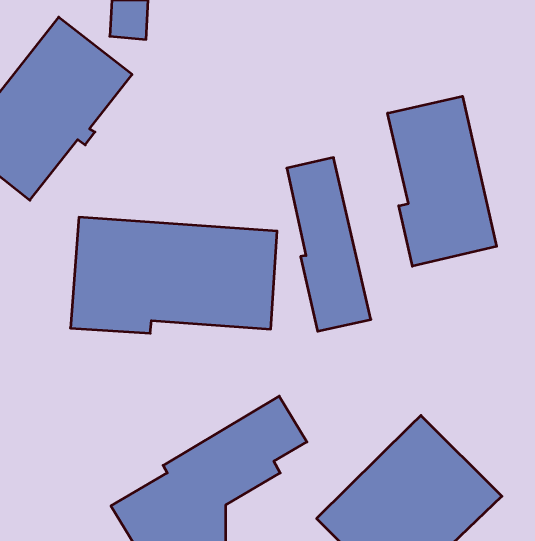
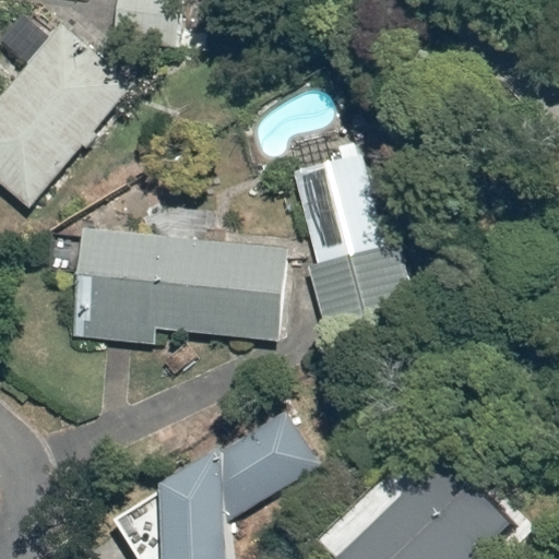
building: [388,96,497,266] -> none

